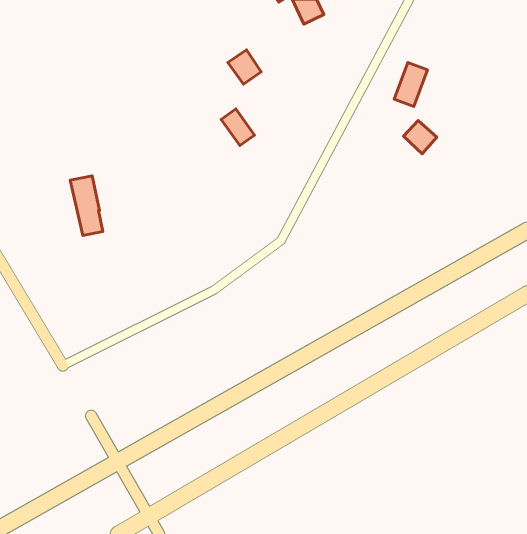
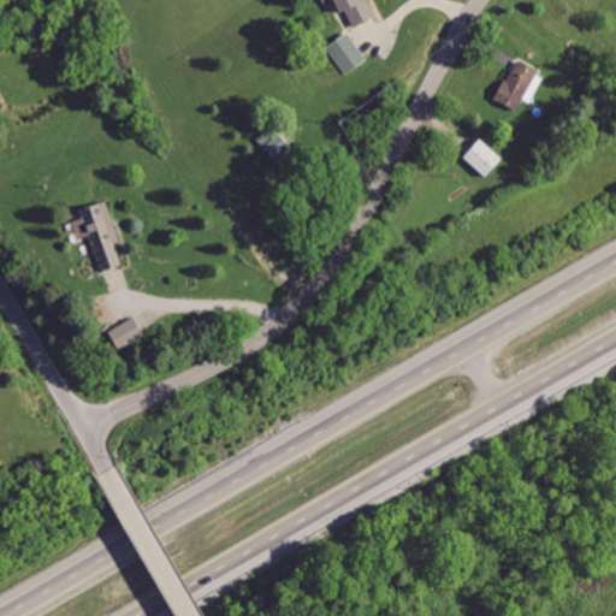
building: [228,50,261,84] -> [324,34,362,73]
building: [394,62,428,106] -> [494,59,533,109]
building: none -> [108,316,141,348]

